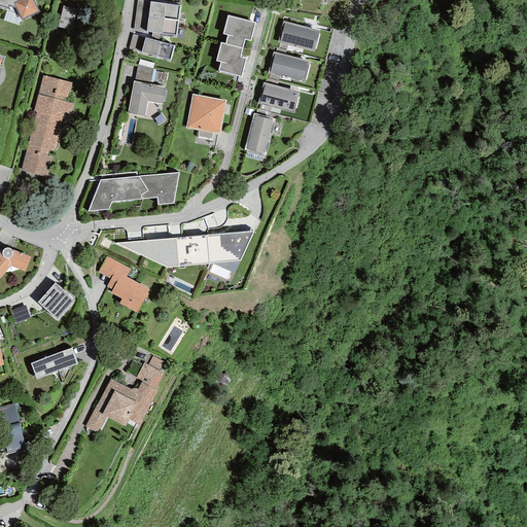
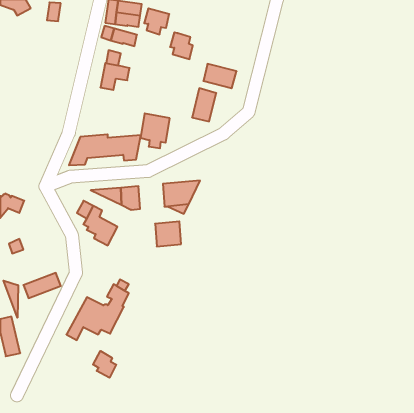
building: [222,14,254,47] -> [144,8,169,34]
building: [278,20,320,51] -> none
building: [268,50,310,82] -> none
building: [22,74,73,176] -> none
building: [187,95,224,139] -> [141,113,170,148]
building: [176,234,209,266] -> [155,221,181,246]
building: [37,282,74,319] -> none
building: none -> [3,281,18,318]
building: none -> [93,351,116,378]

